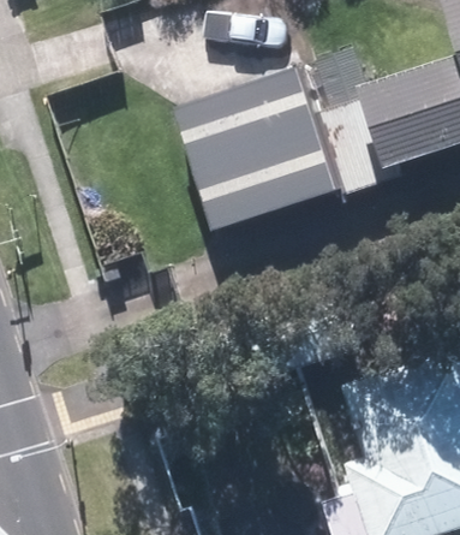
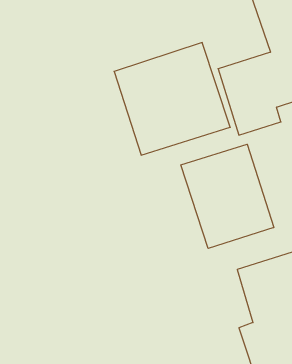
building: none -> [181,144,274,248]

